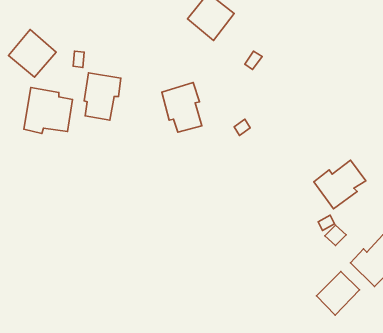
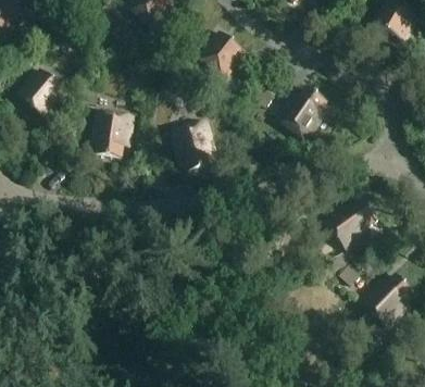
building: none -> [278,88,327,140]
building: [24,87,73,133] -> none
building: [317,271,359,315] -> none

